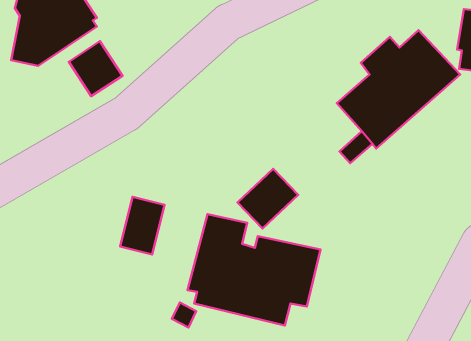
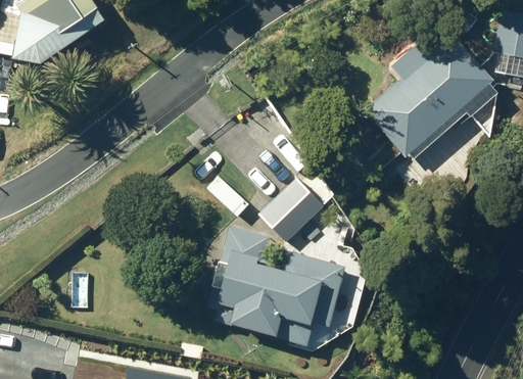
building: [69,41,122,96] -> none
building: [120,197,164,255] -> none

